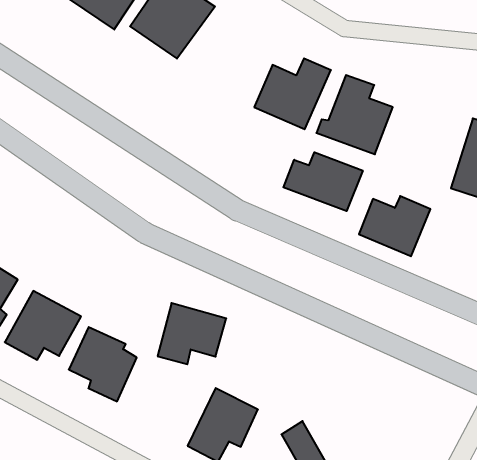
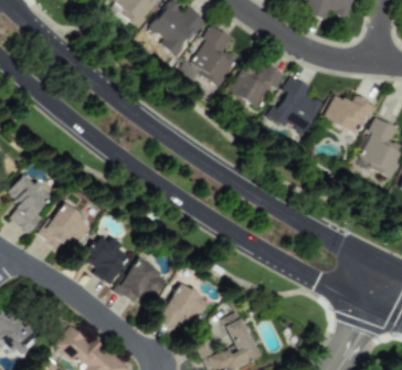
building: none -> [189,25,235,87]
building: [283,152,363,211] -> none
building: [359,196,430,256] -> [324,94,374,136]
building: [158,303,226,364] -> [118,260,168,303]

